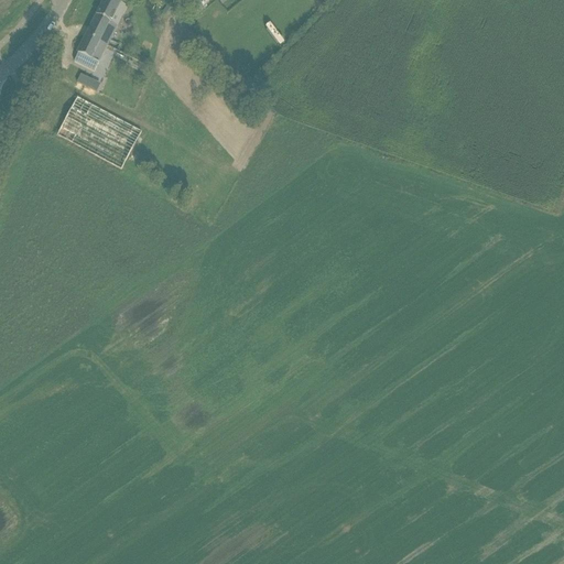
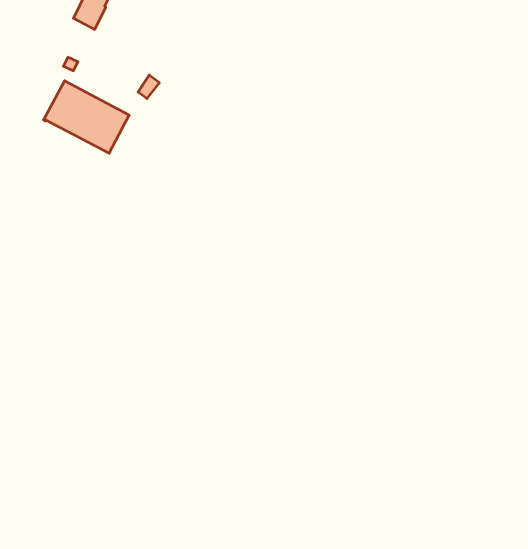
building: [75,34,106,70] -> none

